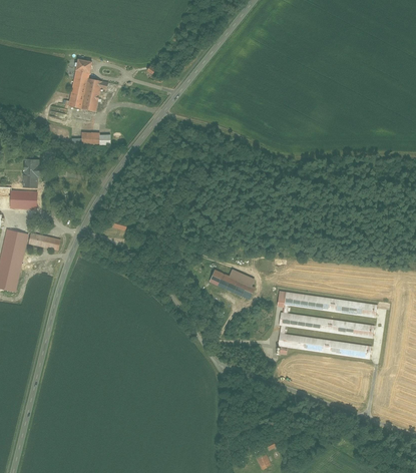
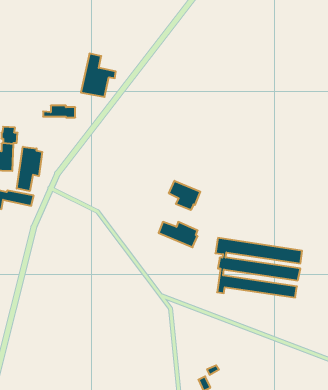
building: [67,60,108,111] -> [81,54,116,97]
building: none -> [17,147,42,191]
building: none -> [169,181,200,210]

